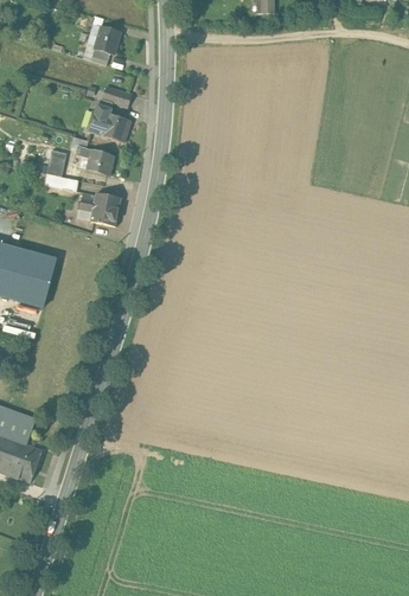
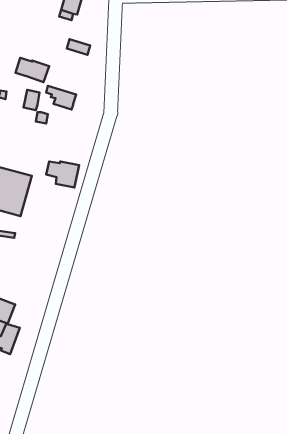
building: [85,108,128,139] -> [15,58,49,82]
building: [77,190,119,223] -> [46,161,79,188]

